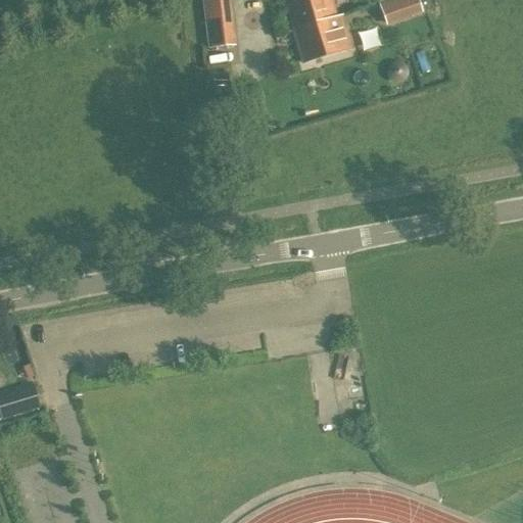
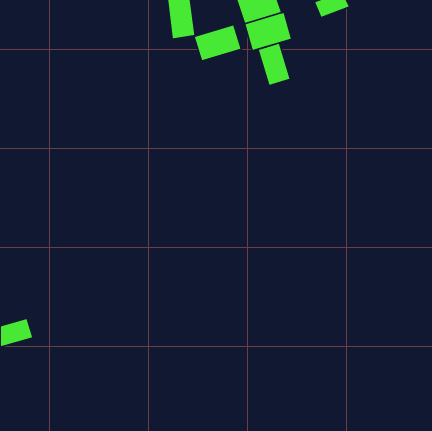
building: none -> [194,25,242,61]
building: none -> [258,43,290,86]

